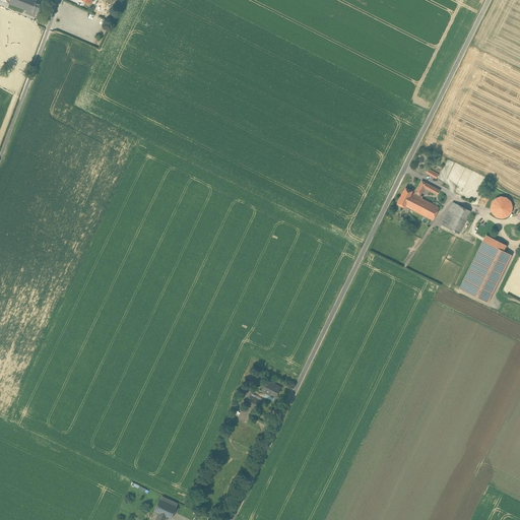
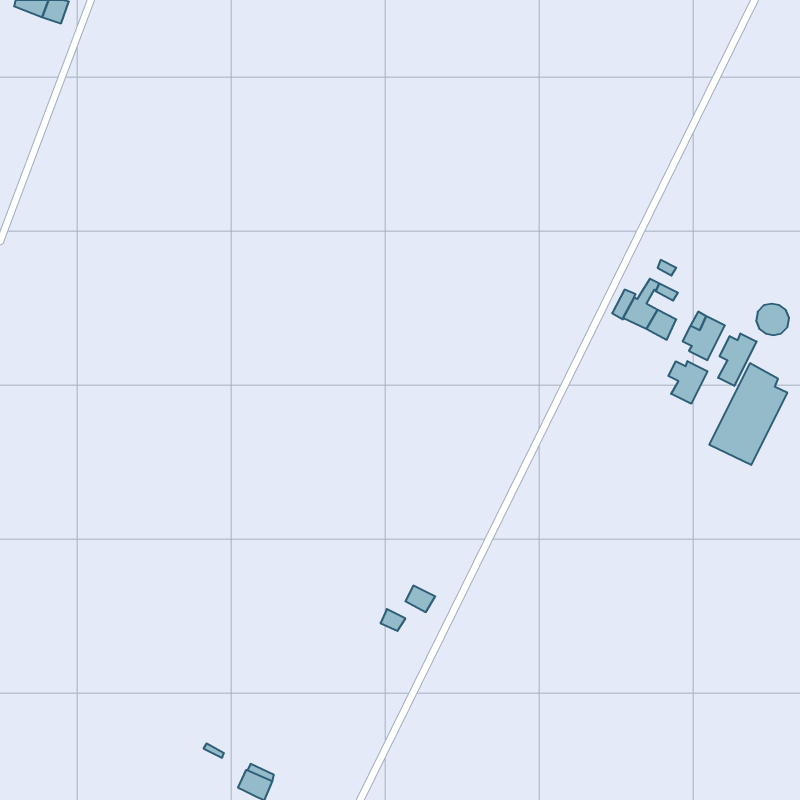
building: none -> [718,333,757,386]
building: none -> [668,361,707,404]

